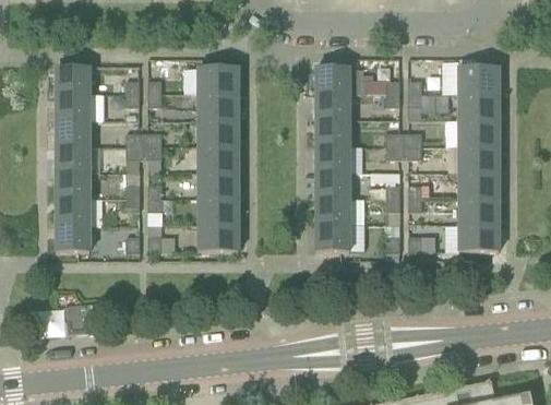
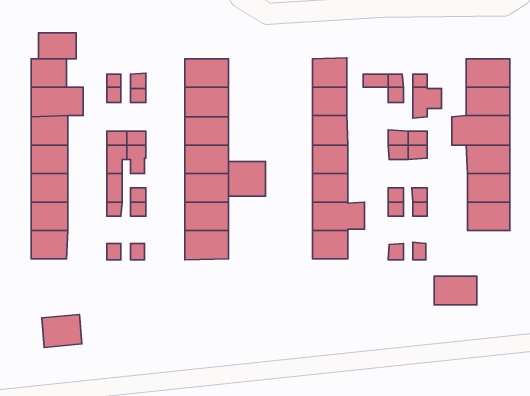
building: none -> [38,33,76,59]
building: none -> [229,162,265,196]
building: [459,224,499,250] -> [434,276,477,305]

